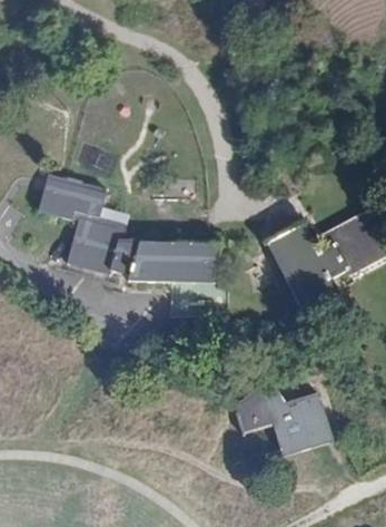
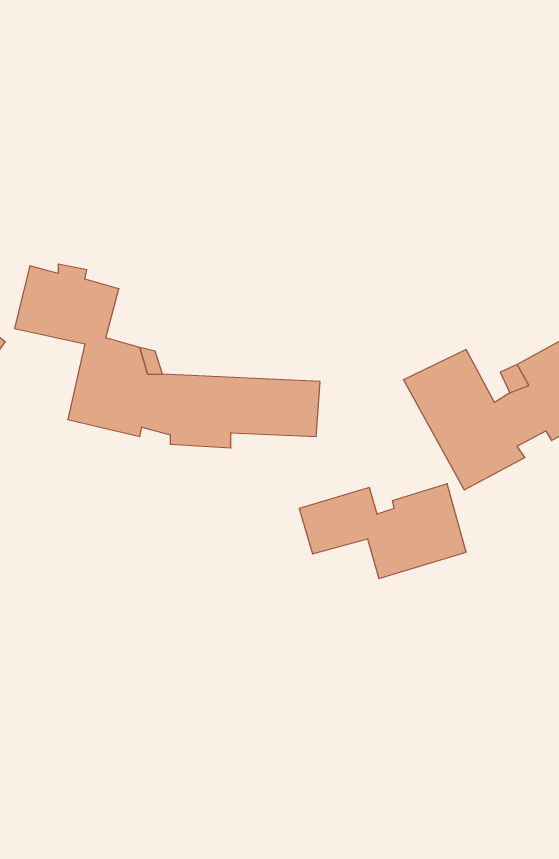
building: [234,394,331,450] -> [299,484,466,579]

